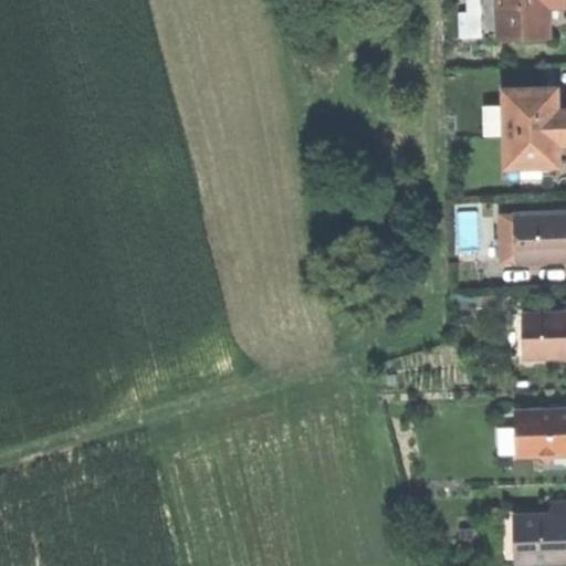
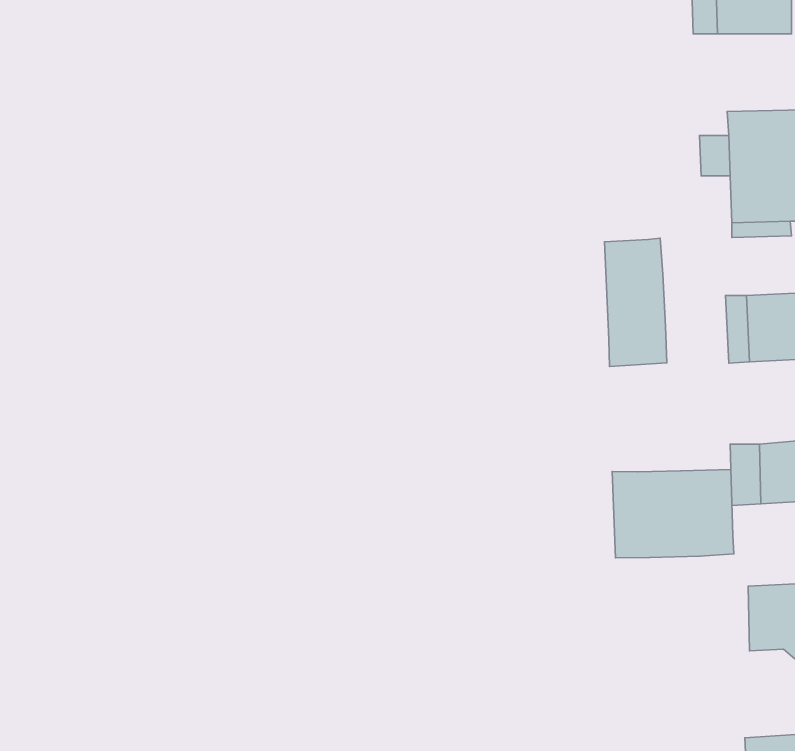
building: none -> [604,238,667,367]
building: none -> [612,470,734,558]

